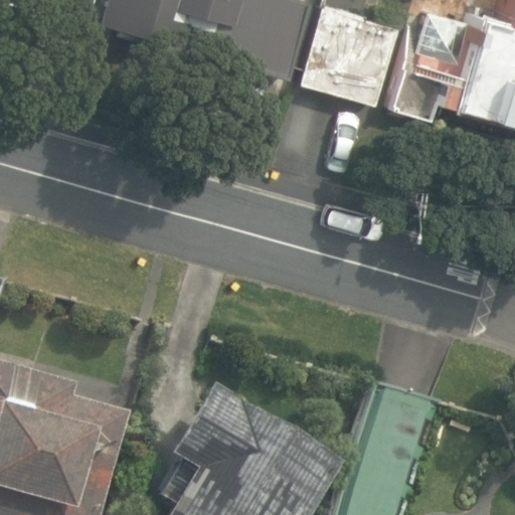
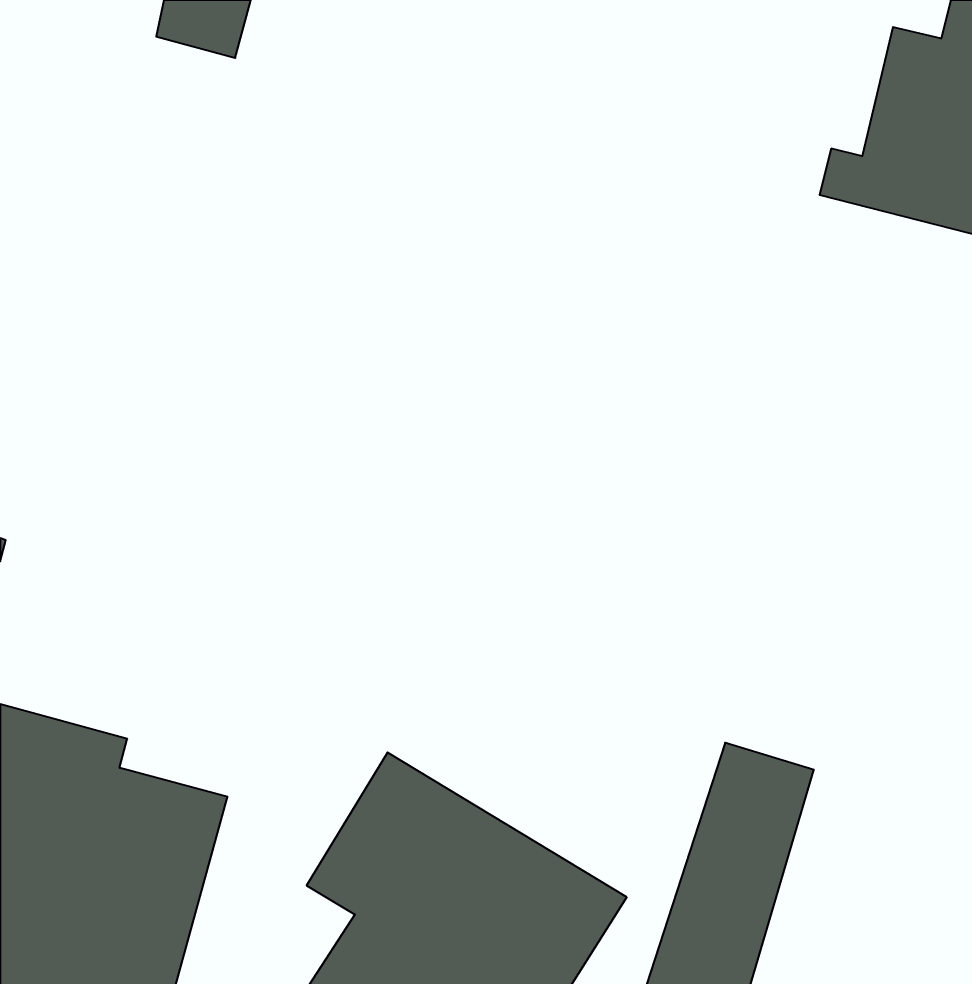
building: [304,6,396,103] -> none

